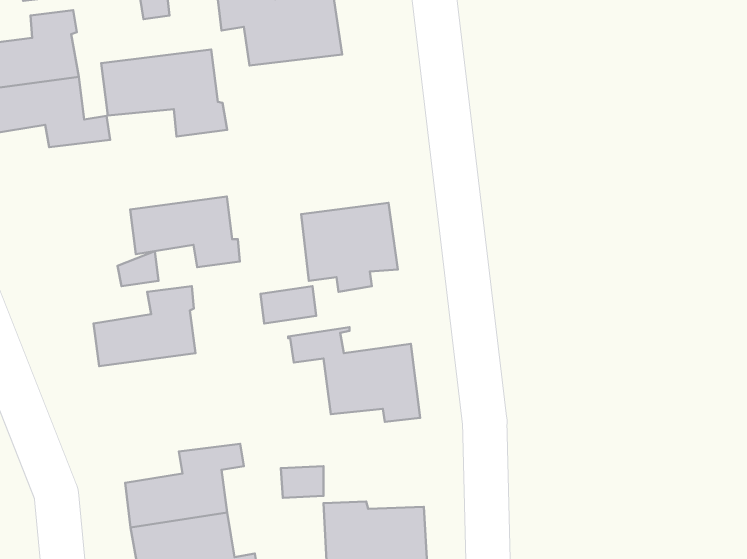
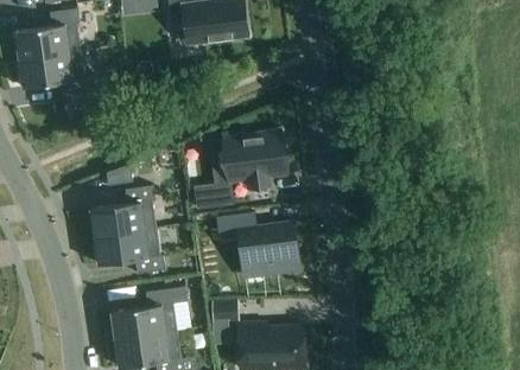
building: [101,50,227,137] -> none
building: [130,197,240,267] -> [94,228,164,273]

